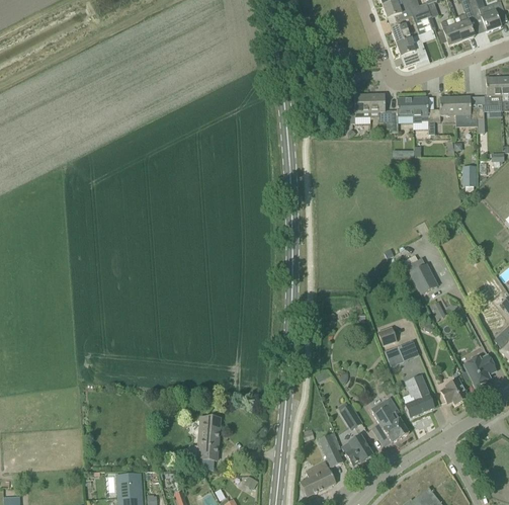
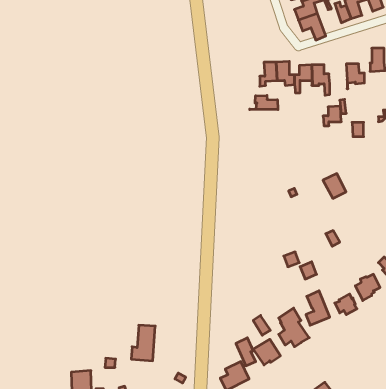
building: [433,96,455,120] -> [323,106,341,126]
building: none -> [250,95,278,110]
building: [410,264,438,294] -> [323,174,346,198]

